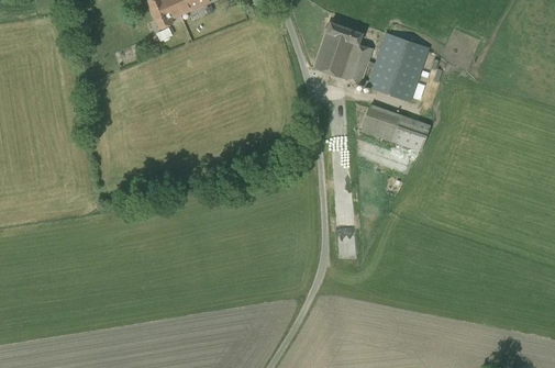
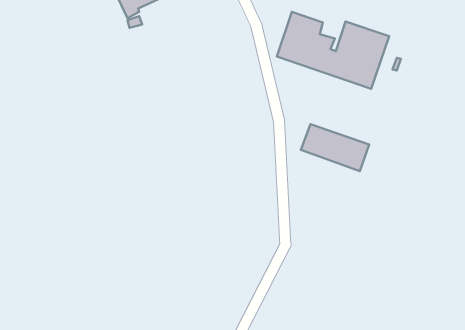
building: [360,104,431,153] -> [301,124,369,171]

